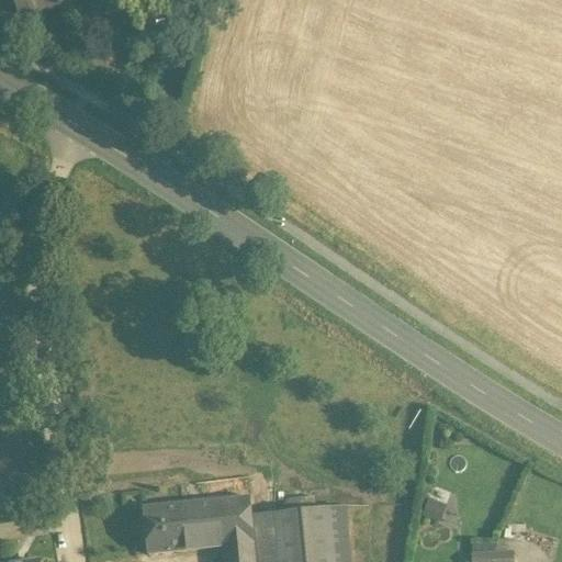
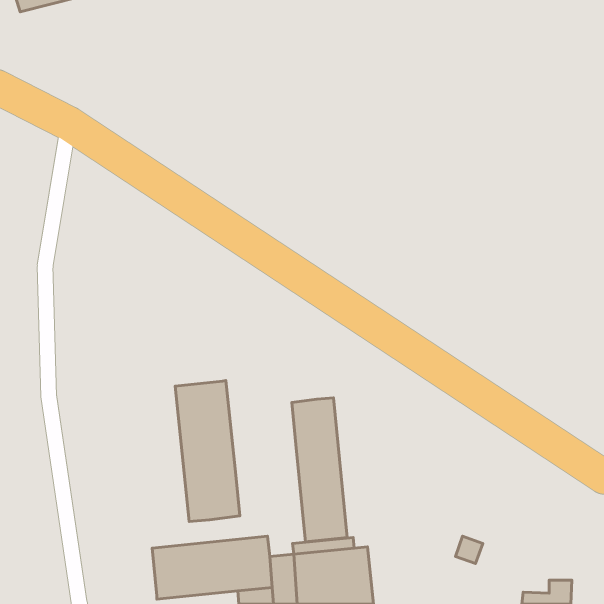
building: none -> [175,380,240,522]
building: none -> [292,398,347,542]

